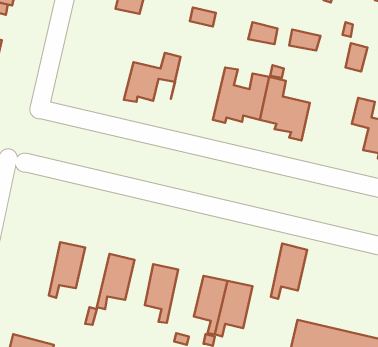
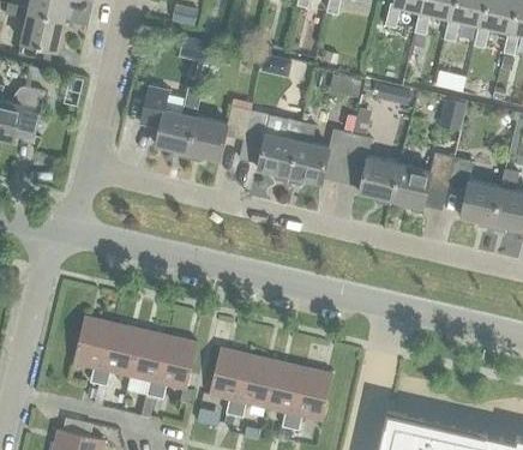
building: none -> [142,86,196,160]
building: none -> [239,110,301,182]
building: none -> [389,152,453,209]
building: none -> [72,316,112,384]
building: [271,243,307,299] -> [234,354,276,418]
building: none -> [130,329,168,397]

